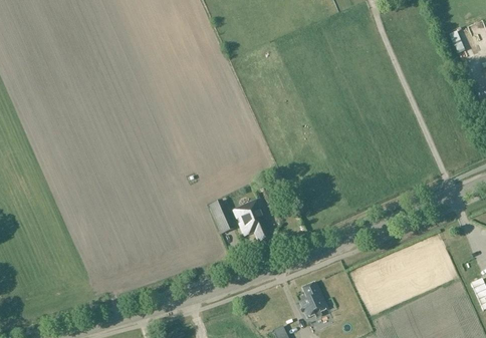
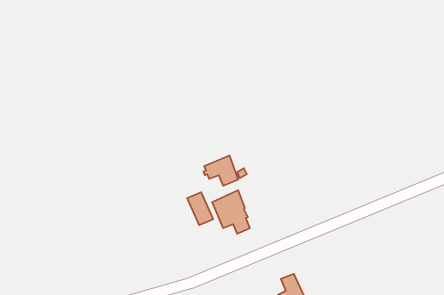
building: none -> [204,155,238,186]

